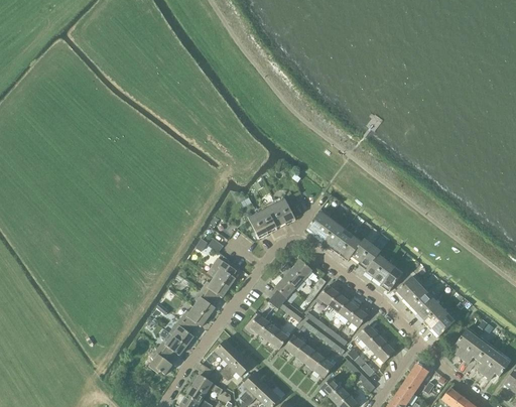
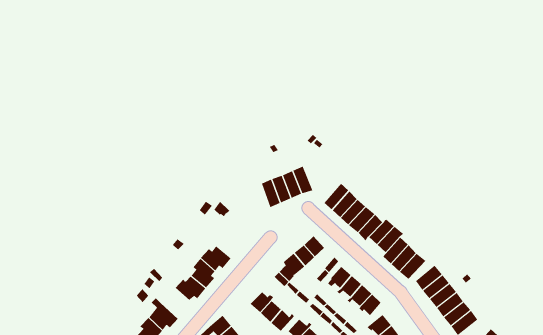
building: [207,257,236,287] -> none
building: [169,318,195,346] -> none

